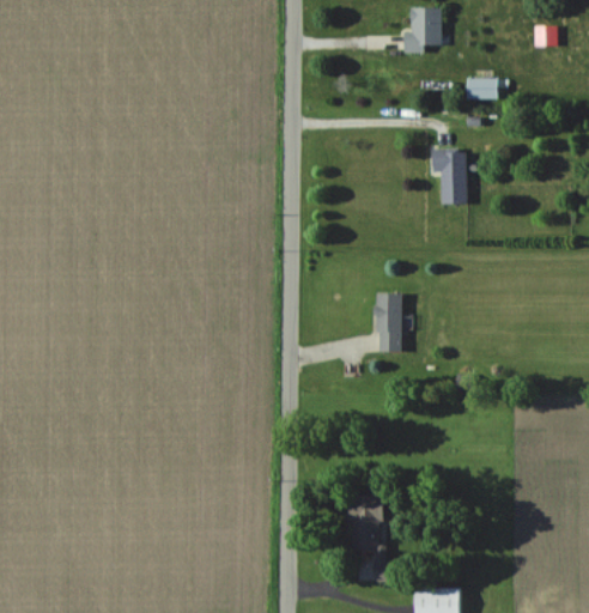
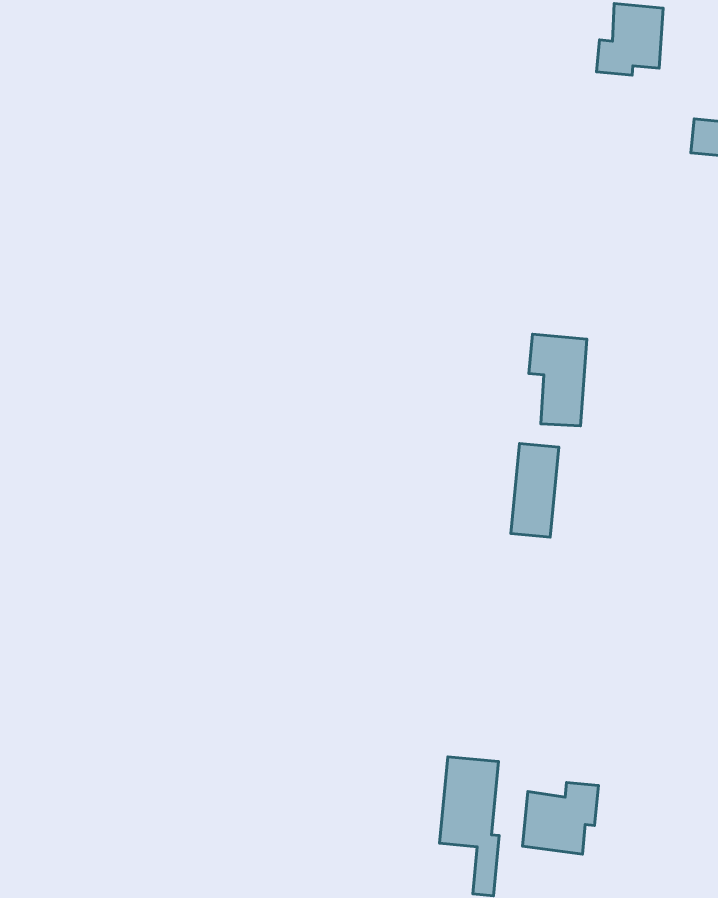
building: [431,148,467,205] -> [529,334,587,426]
building: none -> [523,783,598,854]

